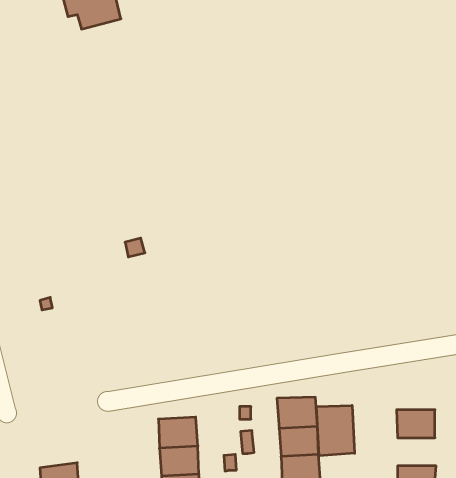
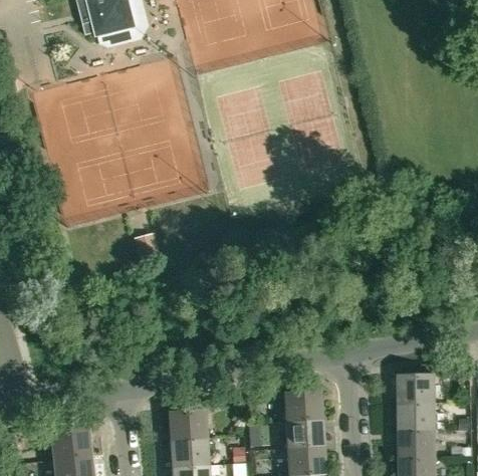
building: none -> [399,377,436,405]
building: [316,405,355,456] -> none
building: none -> [51,429,90,461]
building: none -> [400,432,437,459]

